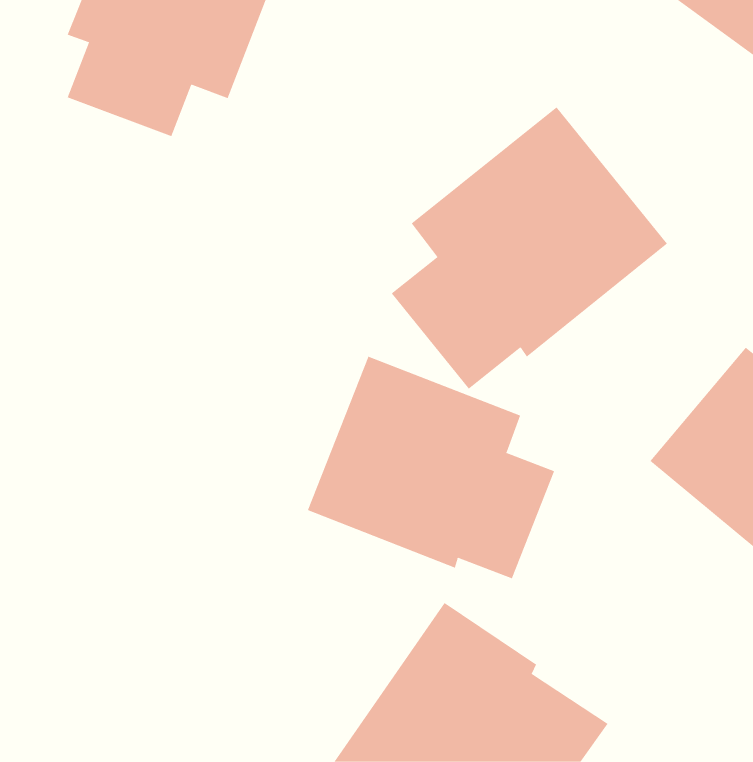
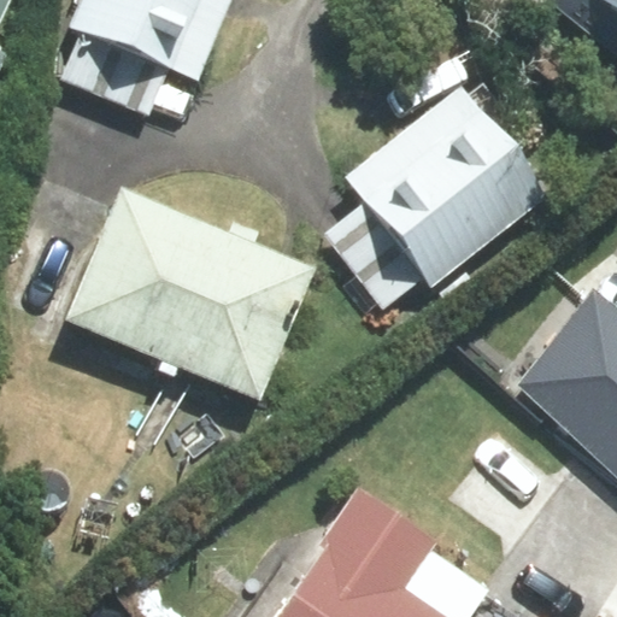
building: none -> [66,195,310,399]
building: [307,356,555,579] -> none

